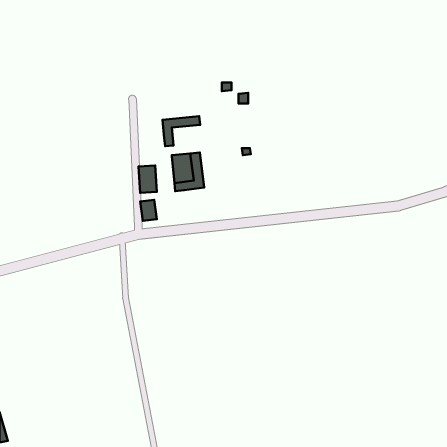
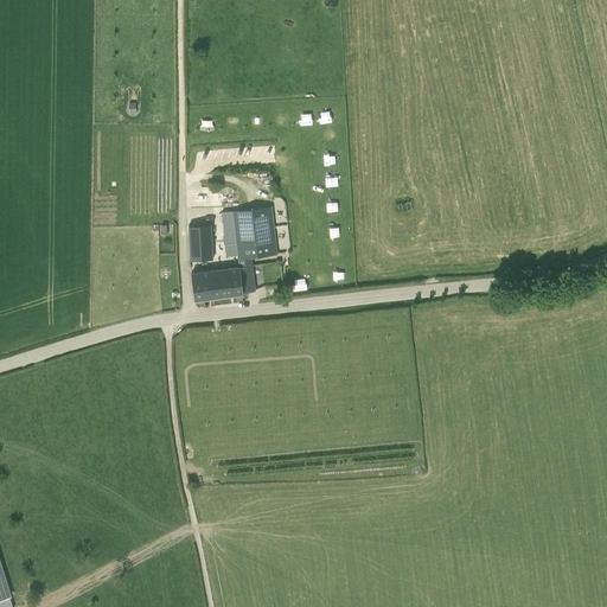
building: [163,116,200,146] -> none
building: none -> [209,258,253,298]

